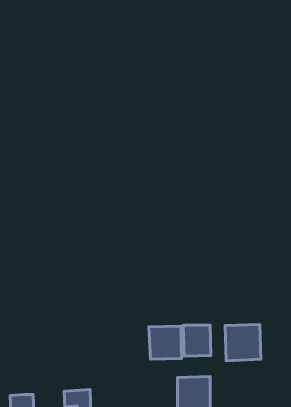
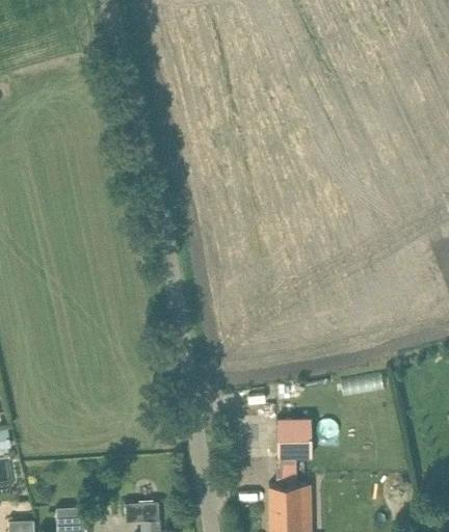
building: [225,325,261,361] -> none
building: [149,326,182,359] -> none

